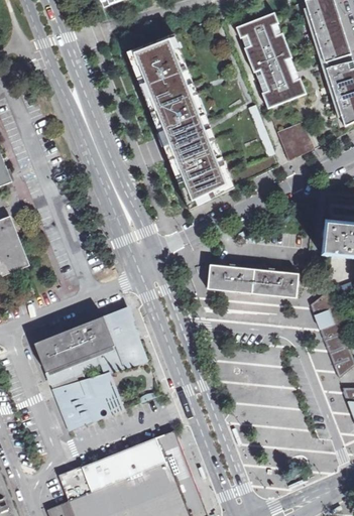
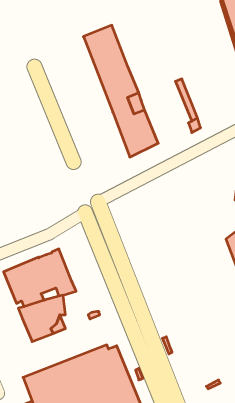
building: [232,11,303,110] -> none
building: [277,122,311,159] -> none
building: [207,260,300,297] -> none
building: [103,306,147,368] -> none

